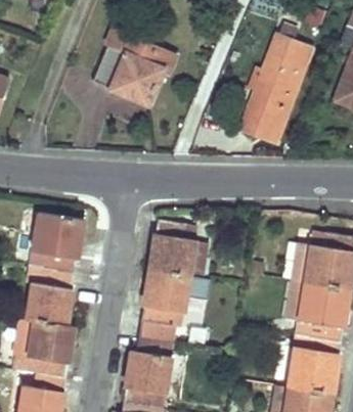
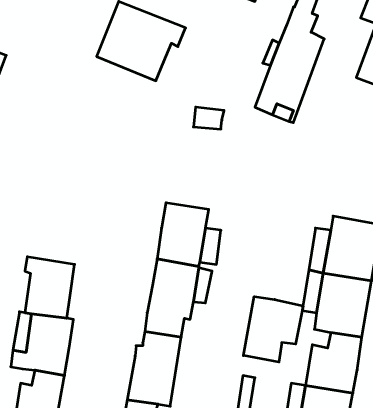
building: [30,213,82,275] -> none
building: none -> [243,297,303,362]

